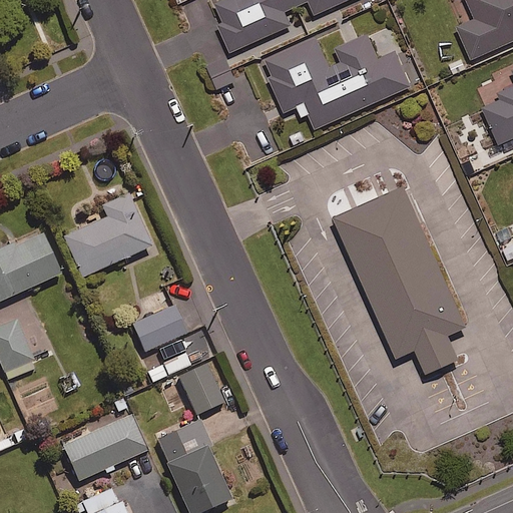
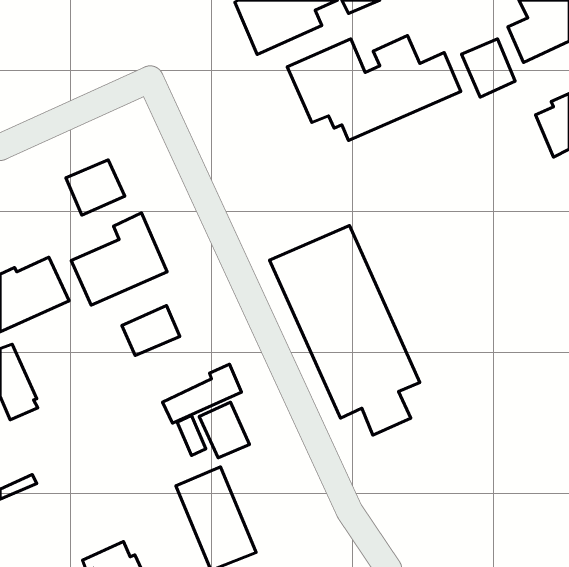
building: none -> [461,39,515,97]
building: none -> [66,160,125,215]
building: [331,184,466,373] -> [269,226,420,435]
building: [133,307,185,352] -> [122,305,180,356]
building: [63,415,148,480] -> none

